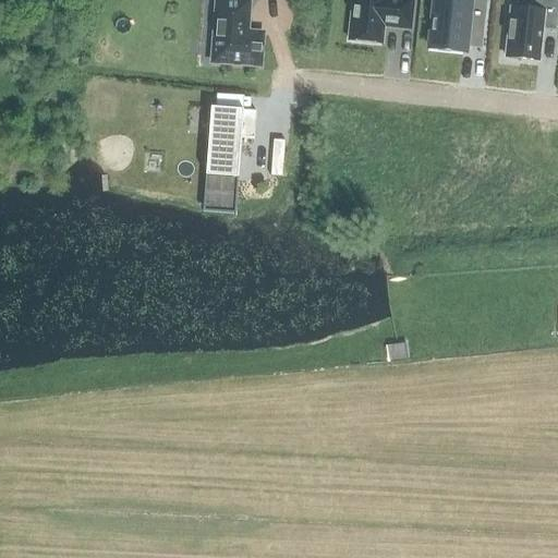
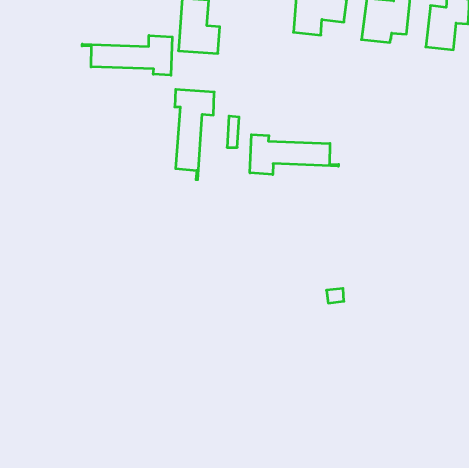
building: none -> [82,35,172,75]
building: none -> [250,135,339,175]

